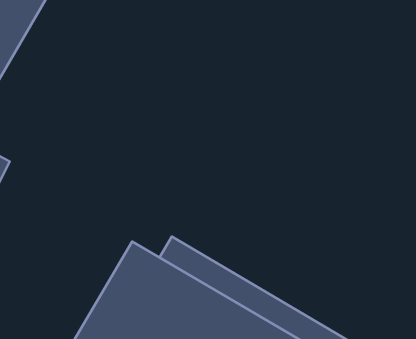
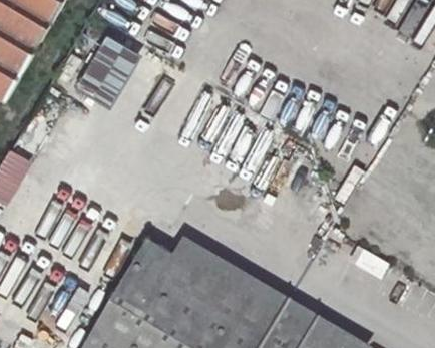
building: none -> [71,37,133,105]

